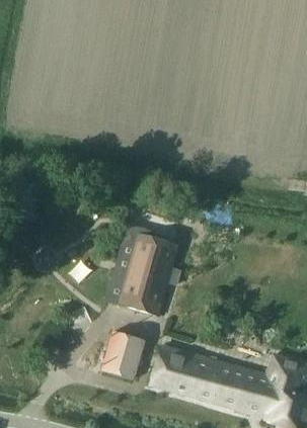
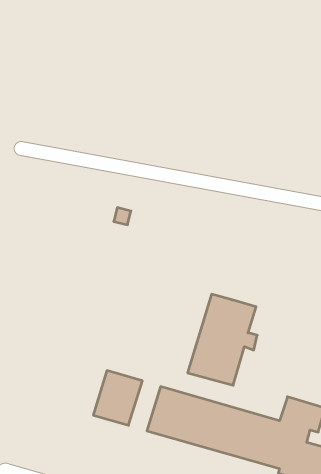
building: [117,234,178,315] -> [188,294,257,385]

